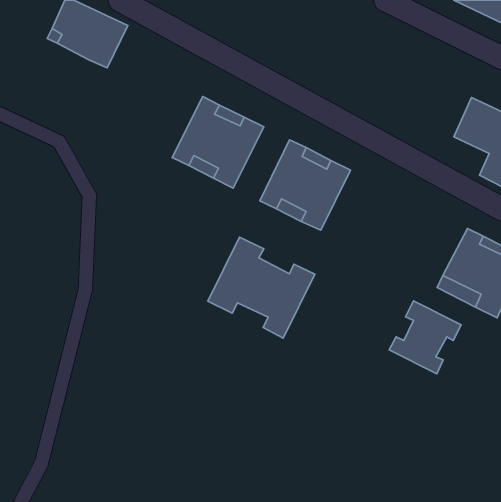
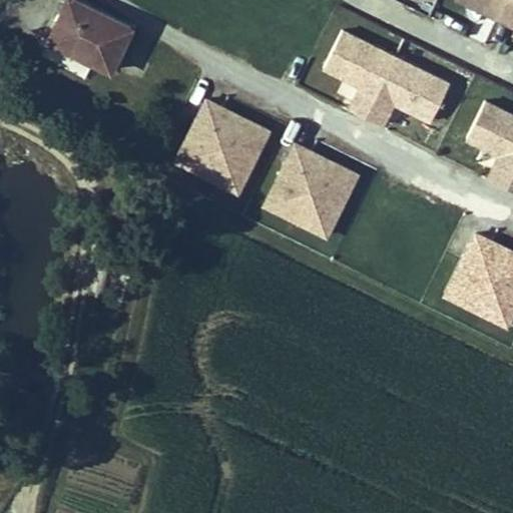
building: none -> [324,33,444,126]
building: [208,237,315,338] -> none
building: [389,301,461,374] -> none

